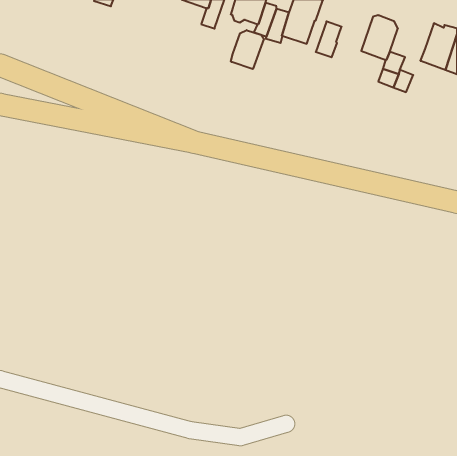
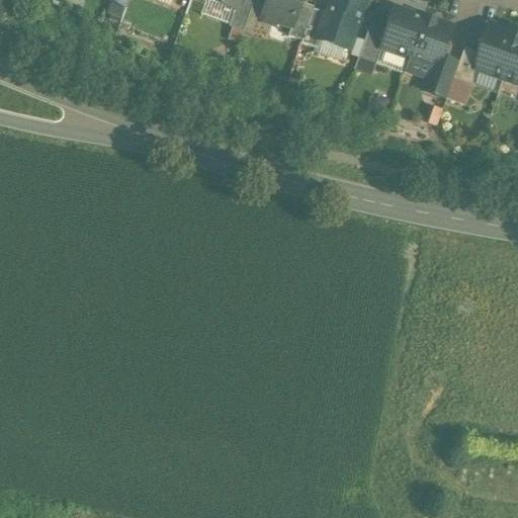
building: none -> [380,9,422,58]
building: [231,30,264,69] -> none
building: none -> [452,50,481,86]

